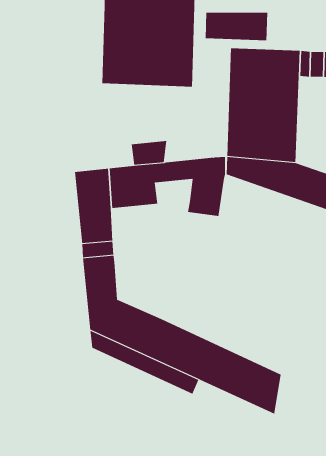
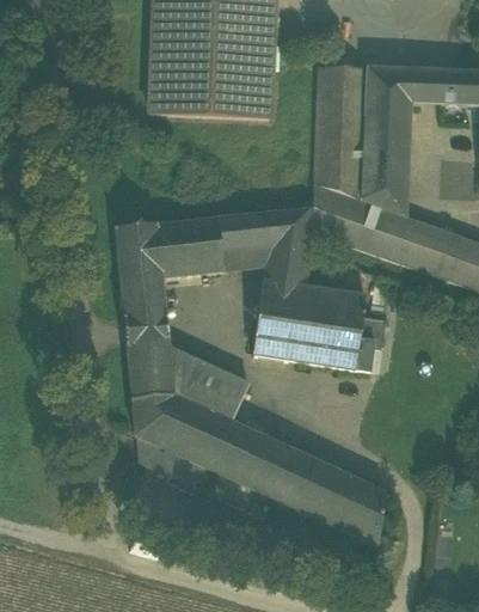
building: [205,12,268,41] -> none
building: [131,141,167,165] -> [220,237,268,269]
building: none -> [251,280,383,371]
building: none -> [167,345,246,420]

